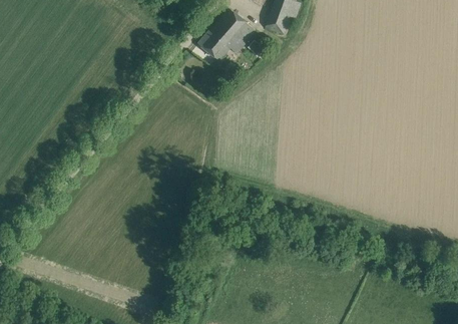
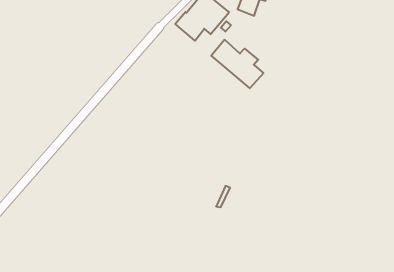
building: none -> [211,40,263,88]

